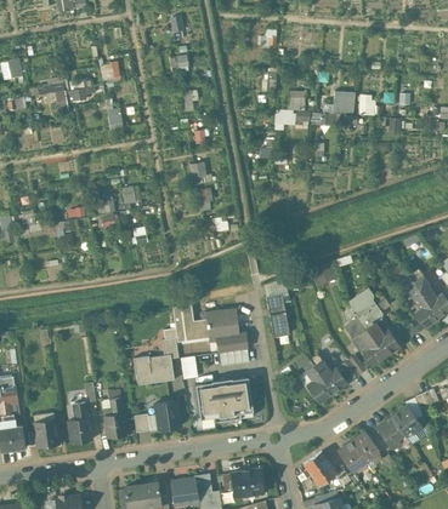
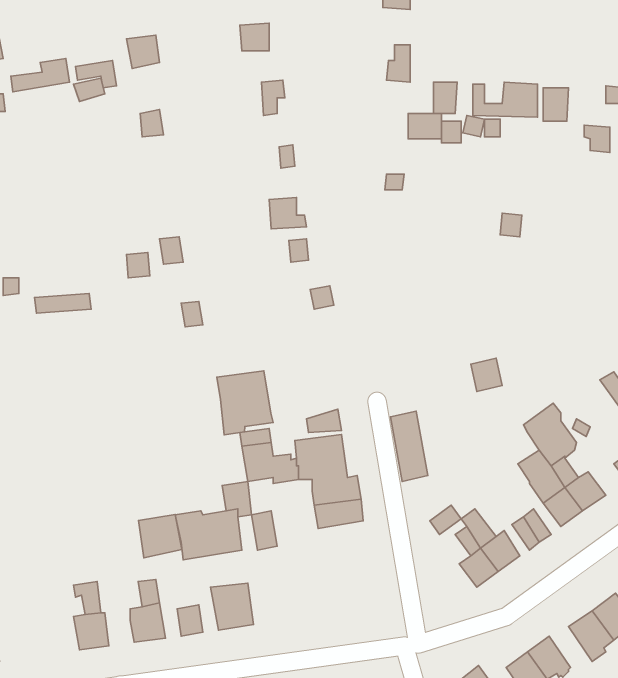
building: none -> [217,371,273,435]
building: none -> [138,514,182,558]
building: [199,379,254,423] -> none
building: [33,421,57,447] -> none

